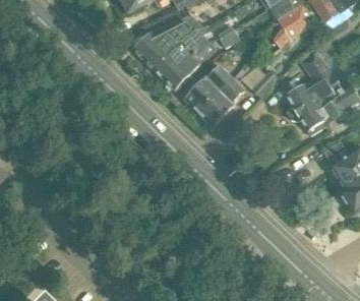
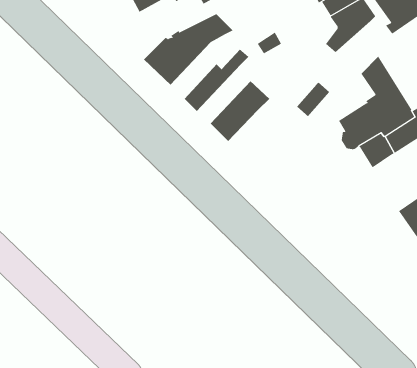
building: [154,29,207,79] -> none
building: [198,79,243,125] -> none

